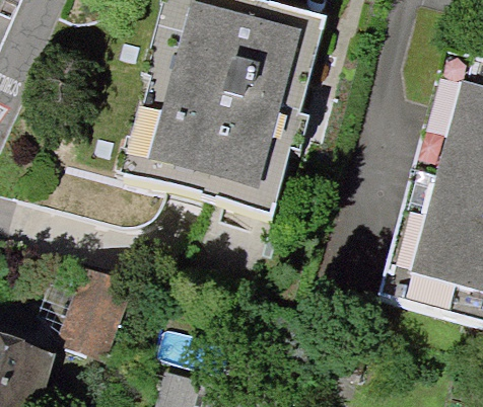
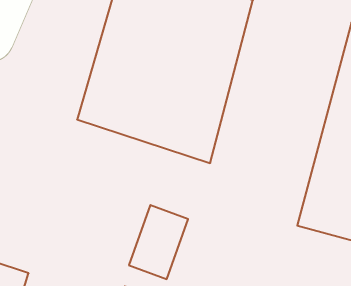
building: [62,265,135,356] -> [129,205,188,279]

